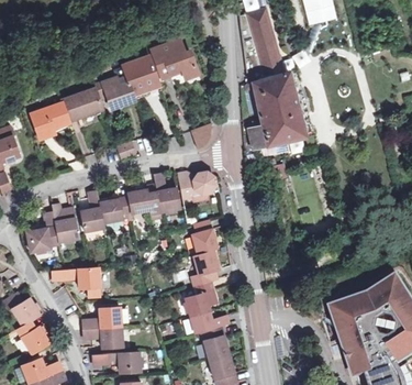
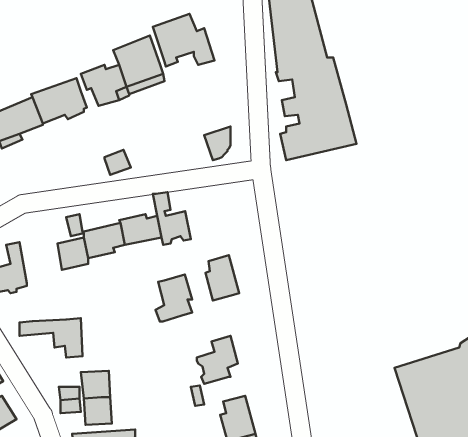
building: [179,173,215,199] -> none
building: [52,202,79,241] -> none
building: [191,250,219,285] -> [155,275,192,321]
building: [191,311,230,333] -> none

